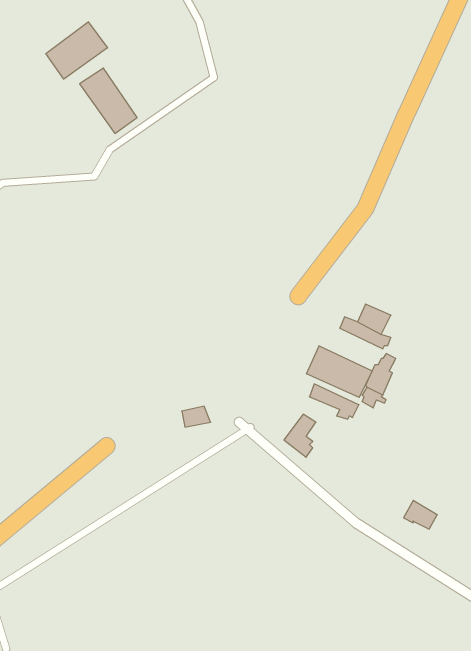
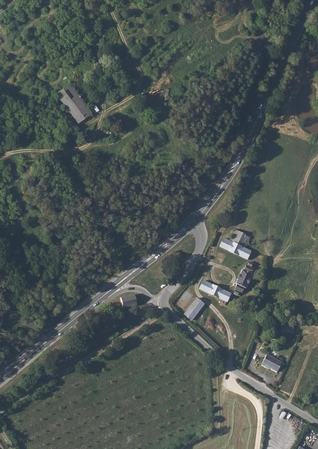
building: [46,22,108,79] -> none
building: [307,346,372,397] -> none

